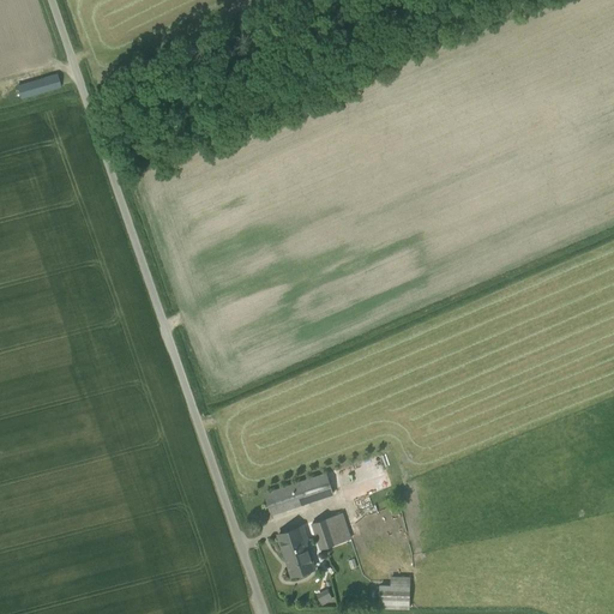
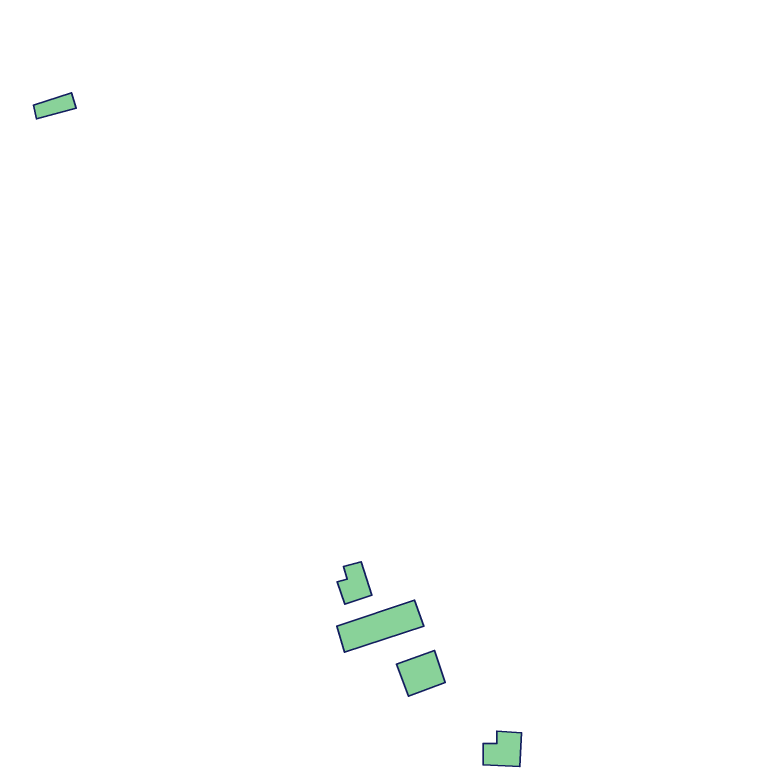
building: none -> [337,562,372,604]
building: [278,525,313,574] -> none

